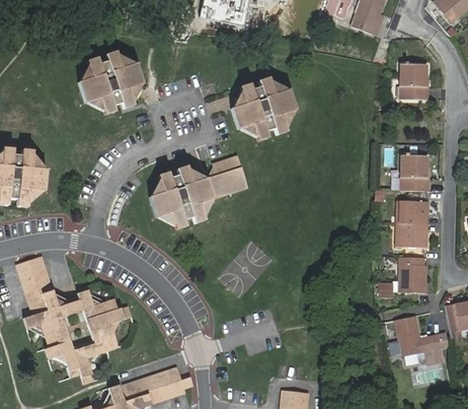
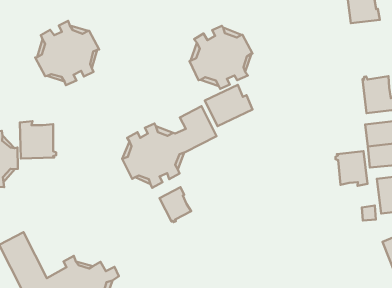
building: none -> [205,85,253,126]
building: none -> [20,121,56,158]
building: none -> [335,151,368,186]
building: none -> [159,187,191,222]

